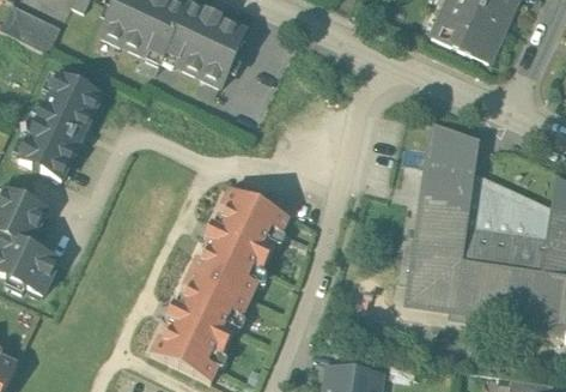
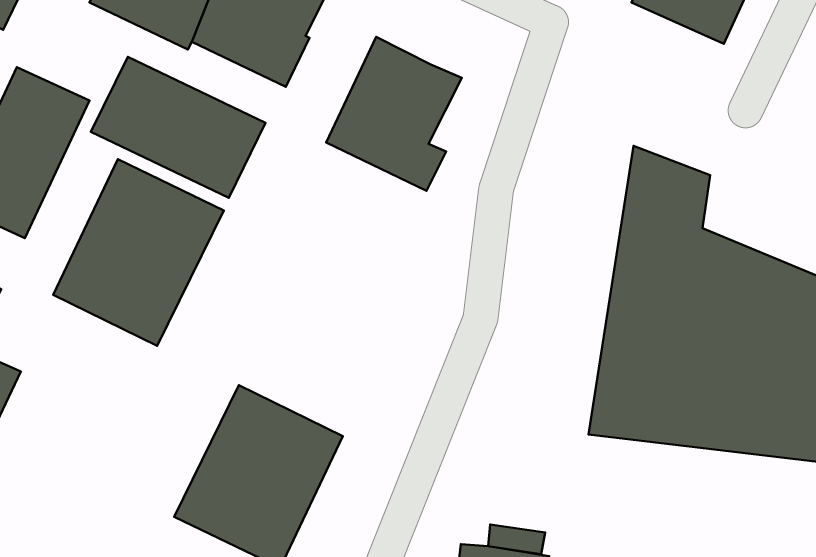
building: none -> [326,37,462,191]
building: none -> [91,57,266,198]
building: [191,185,296,298] -> [53,159,224,346]

